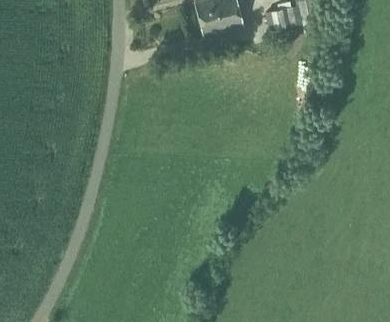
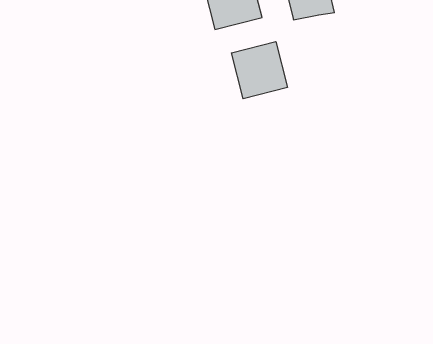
building: none -> [231,42,287,99]

